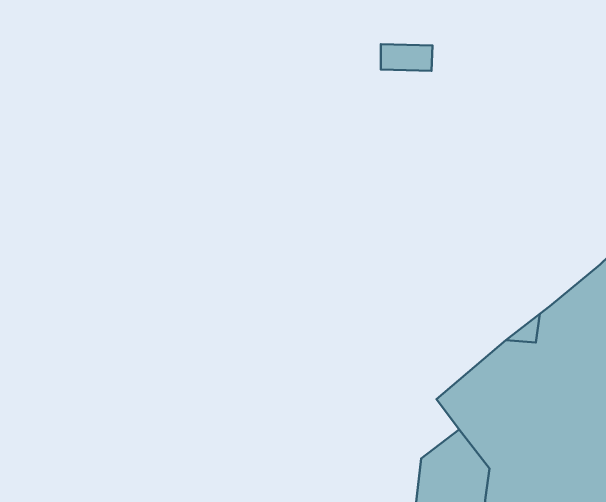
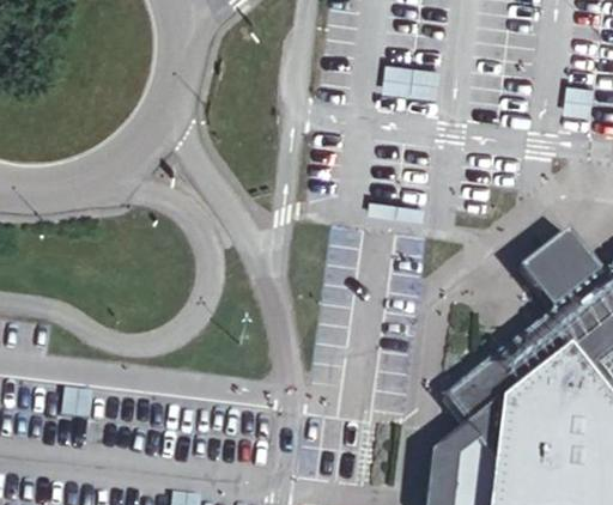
building: none -> [524,233,606,314]

